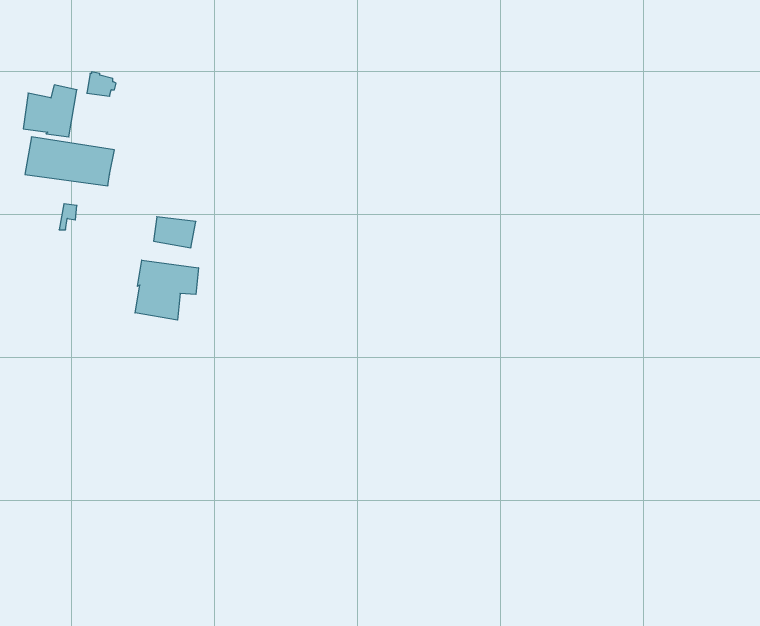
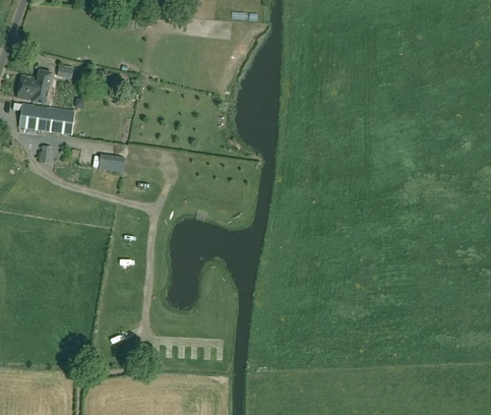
building: [135,260,198,320] -> none

